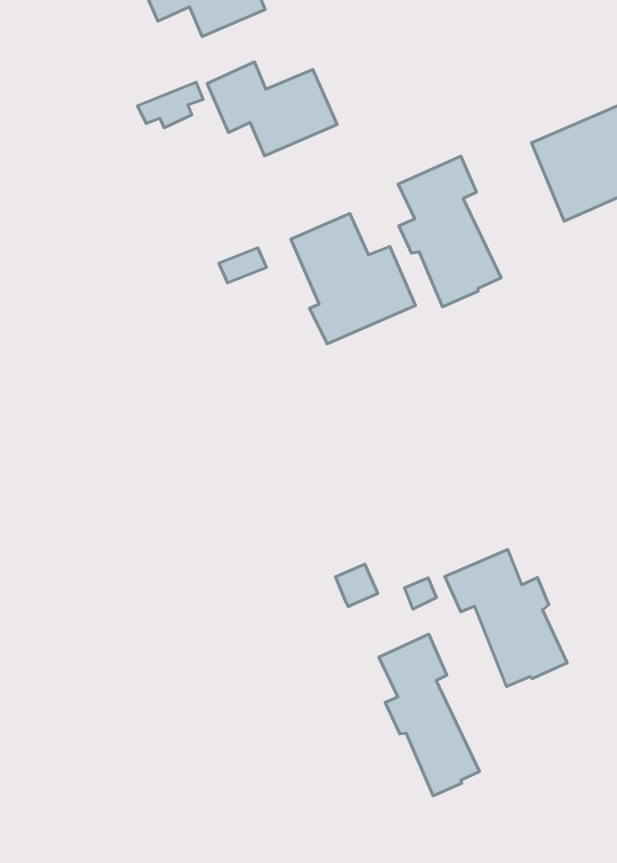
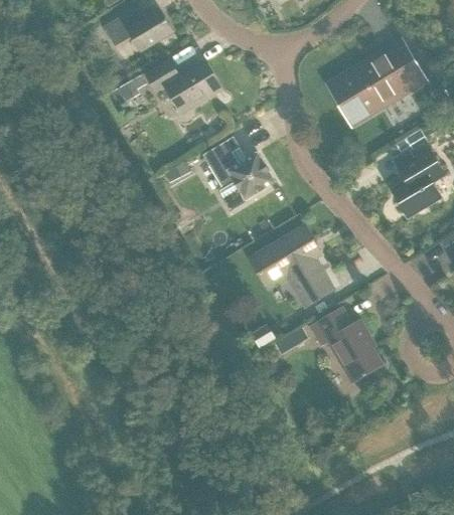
building: [398,156,501,307] -> none
building: none -> [251,226,331,303]
building: [379,634,479,796] -> none

